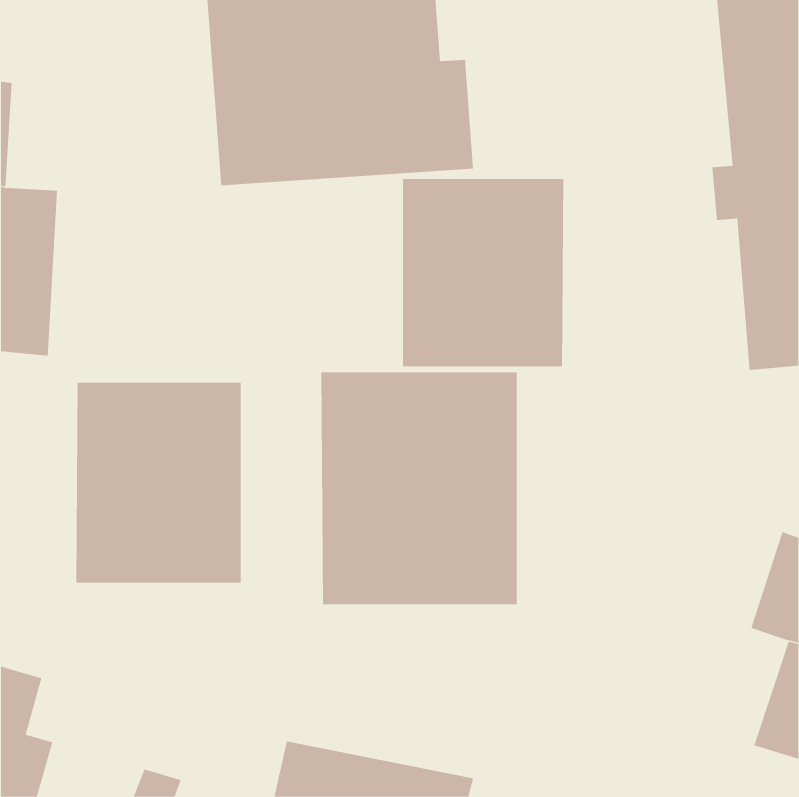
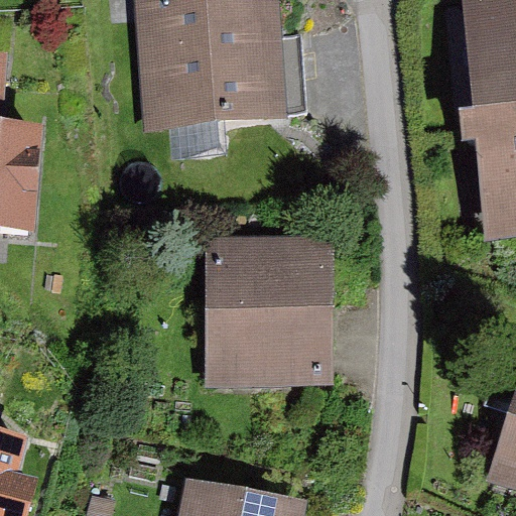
building: [402,178,564,367] -> none
building: [76,382,241,583] -> none

